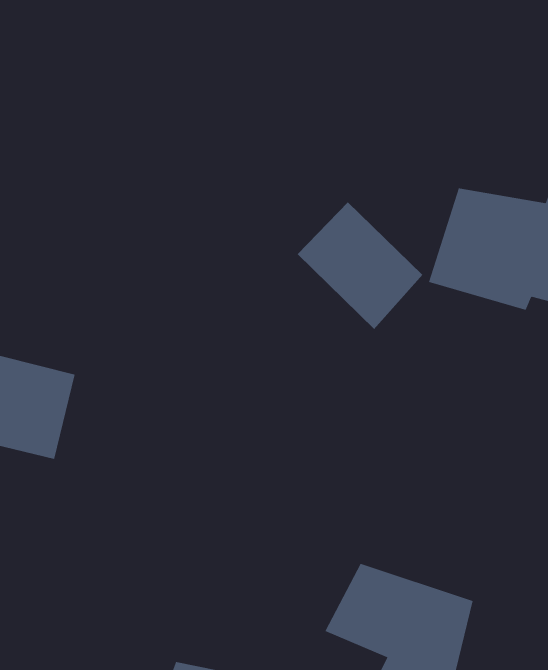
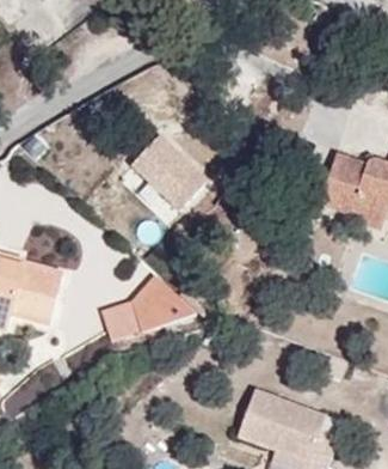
building: [297,201,423,330] -> [123,132,203,213]
building: none -> [127,298,186,340]

